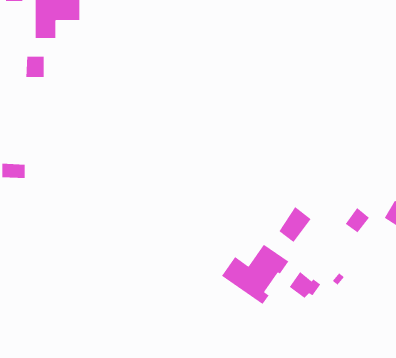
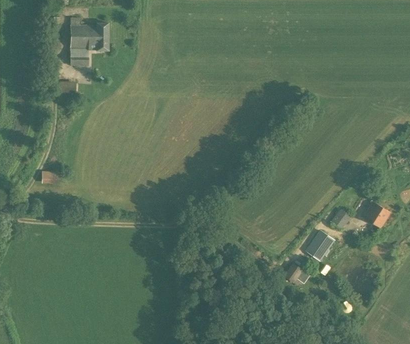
building: [278,206,312,243] -> [306,230,334,261]
building: [221,244,289,305] -> none

